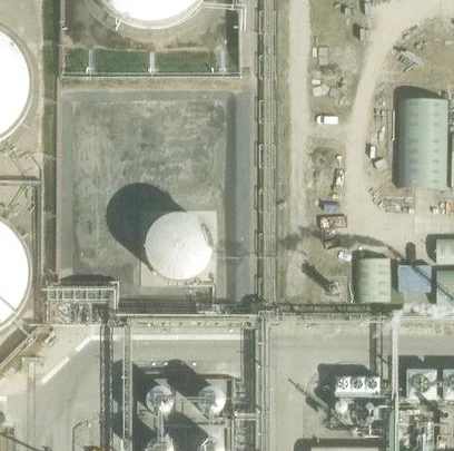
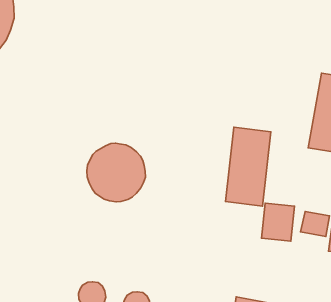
building: none -> [226,127,271,206]

